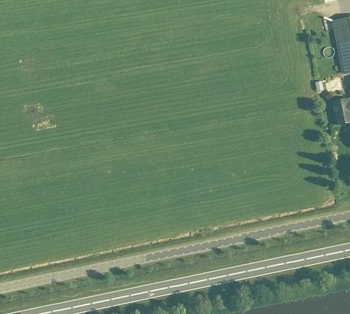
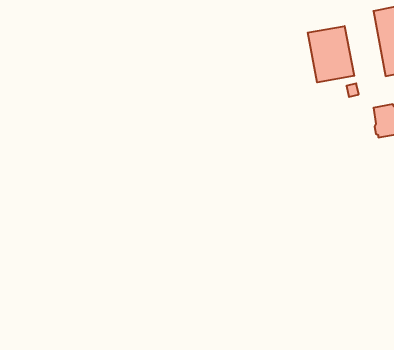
building: none -> [308,26,354,82]

